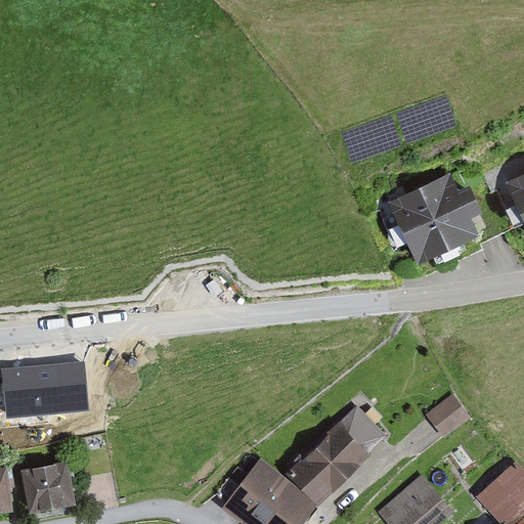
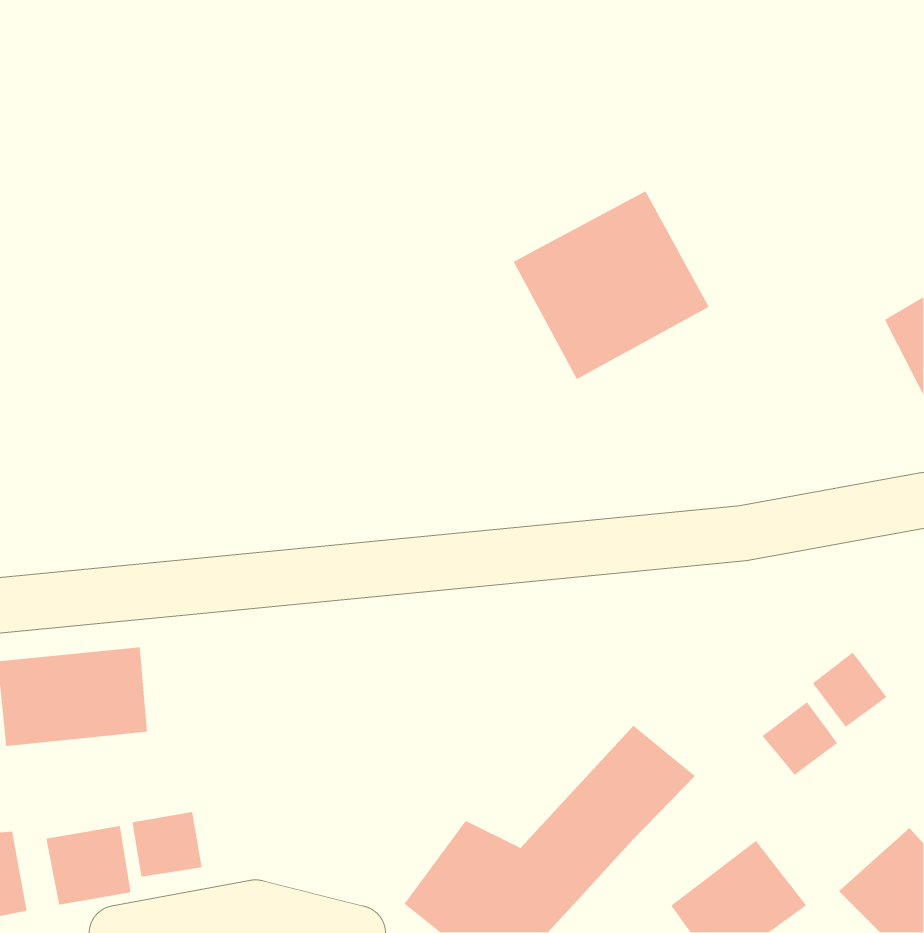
building: [376,161,486,267] -> [513,190,710,380]
building: none -> [812,651,887,728]
building: none -> [132,811,203,878]

